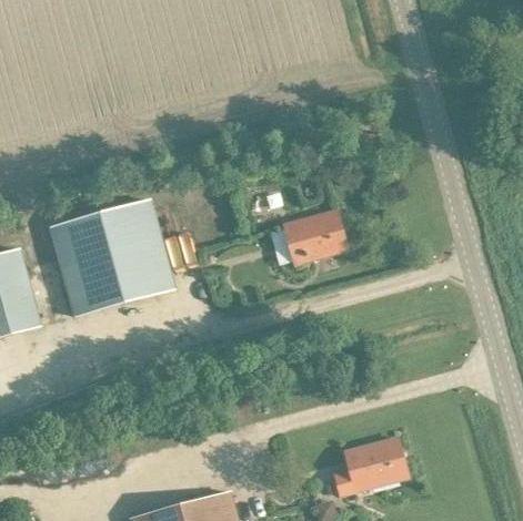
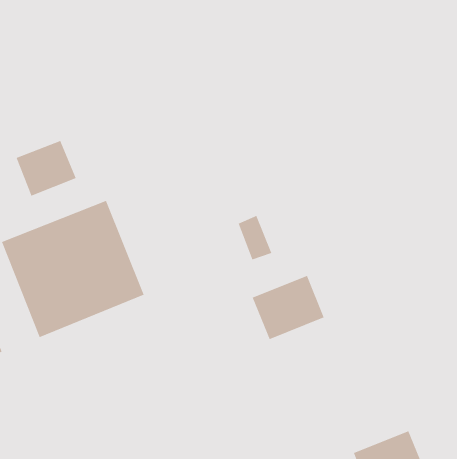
building: none -> [16,140,76,196]
building: [283,210,346,264] -> [252,275,325,340]

